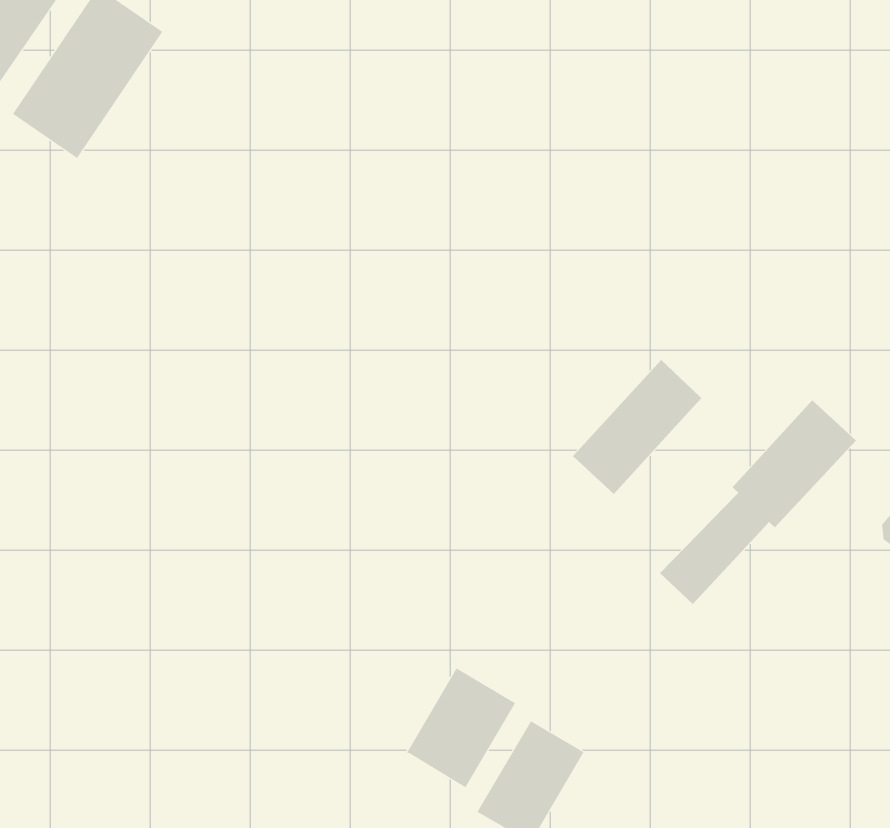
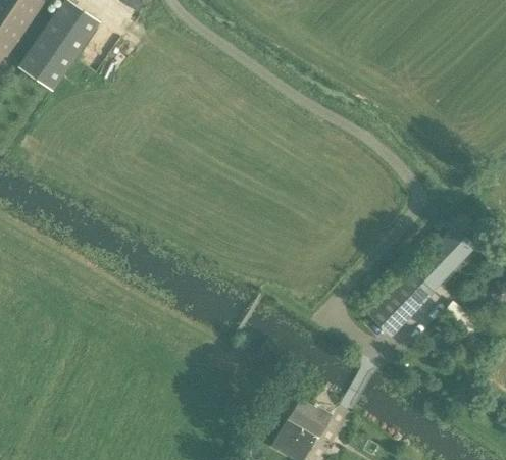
building: [572,359,703,495] -> none
building: [406,668,516,788] -> none

